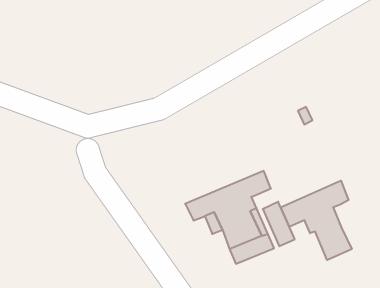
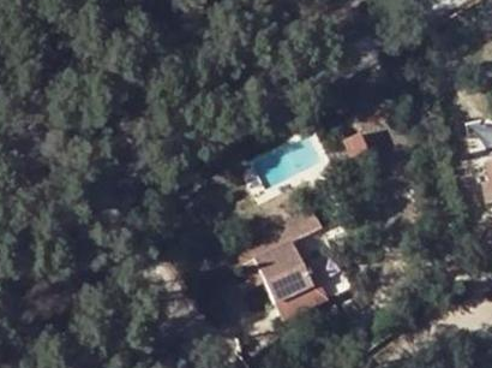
building: [281,181,352,260] -> none

